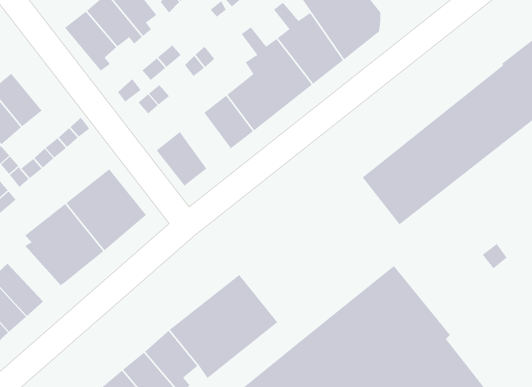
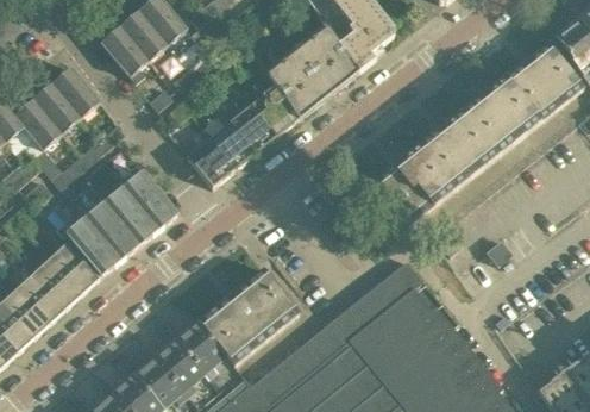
building: none -> [51,68,99,118]
building: none -> [207,120,253,171]
building: none -> [48,243,96,294]

